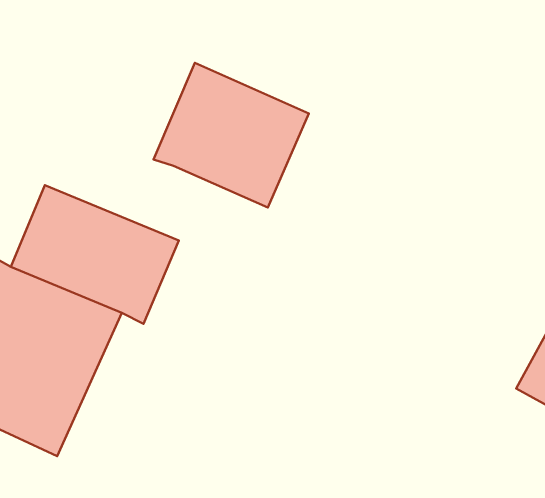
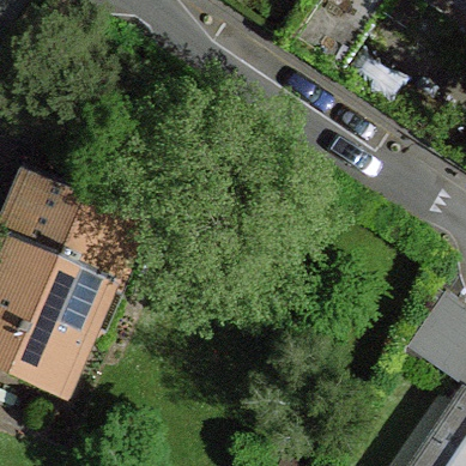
building: [154,63,309,207] -> none

